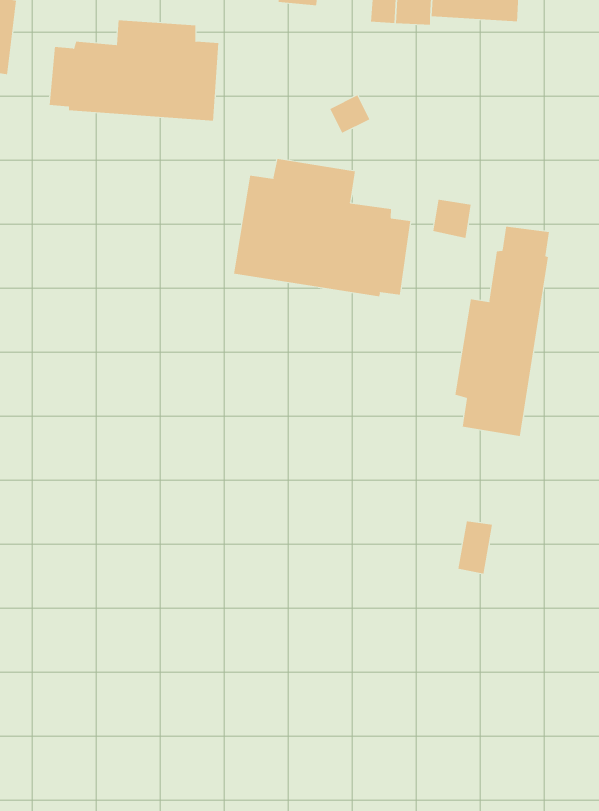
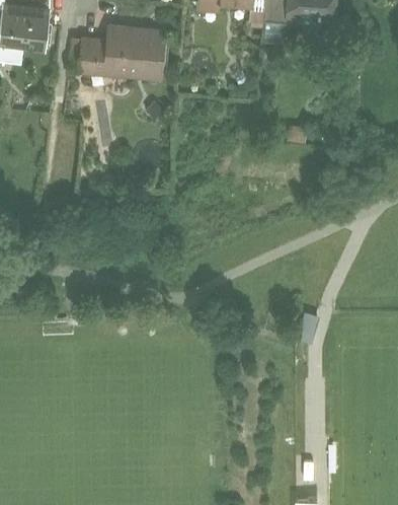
building: [234,158,411,297] -> none
building: [455,226,550,437] -> none

